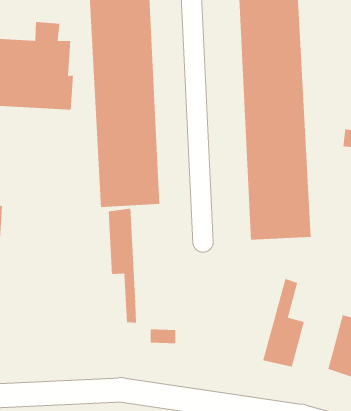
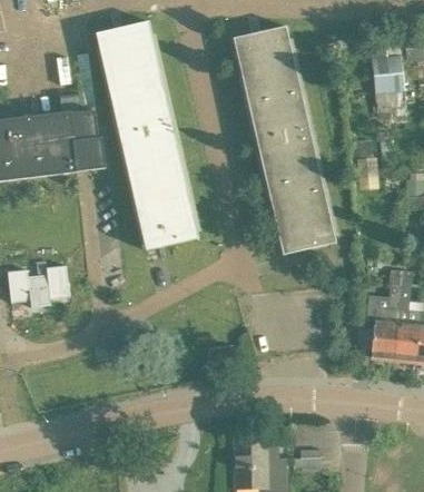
building: [108,208,137,323] -> none
building: [263,278,305,367] -> none

